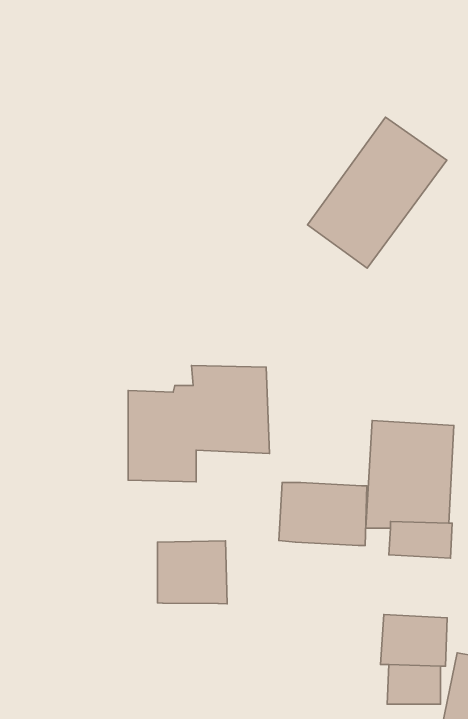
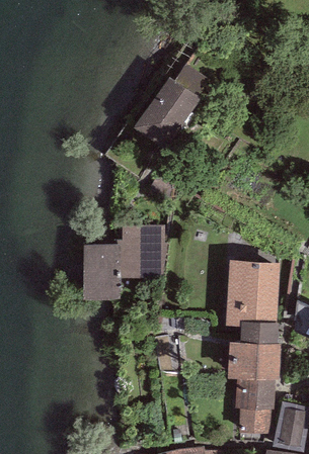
building: [307,117,447,268] -> [129,59,214,151]
building: [279,483,367,546] -> [227,343,281,381]
building: [157,541,227,604] -> none

